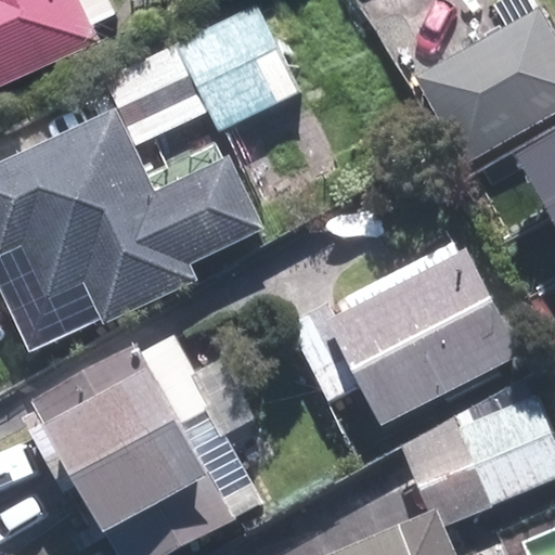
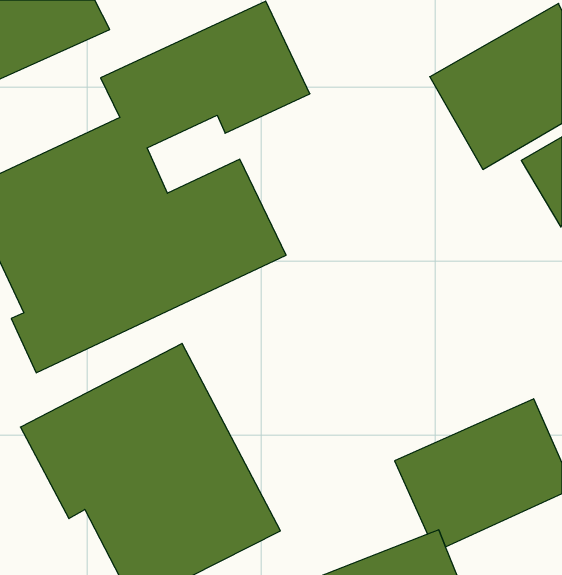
building: [327,237,526,427] -> none

